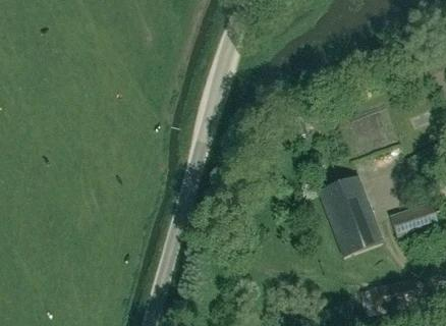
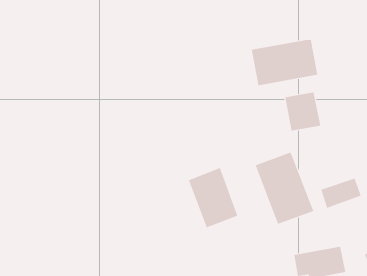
building: none -> [251,39,318,86]
building: none -> [188,167,238,228]

